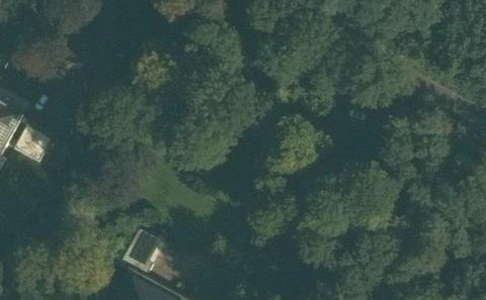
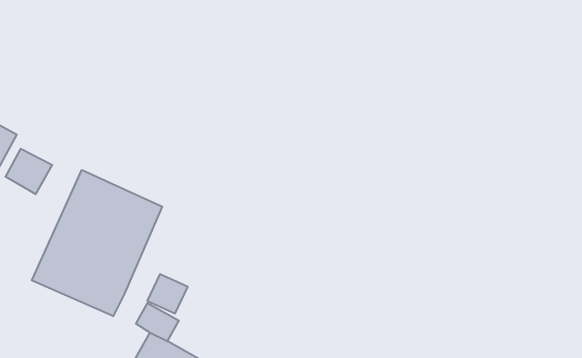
building: none -> [32,170,162,316]

